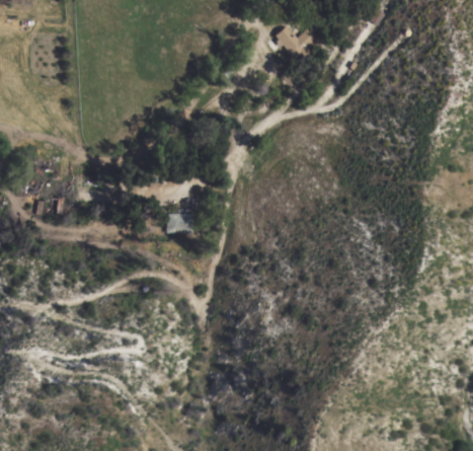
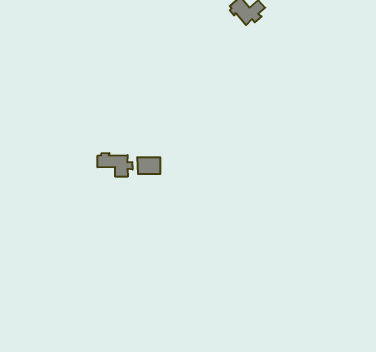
building: none -> [98,153,133,177]

